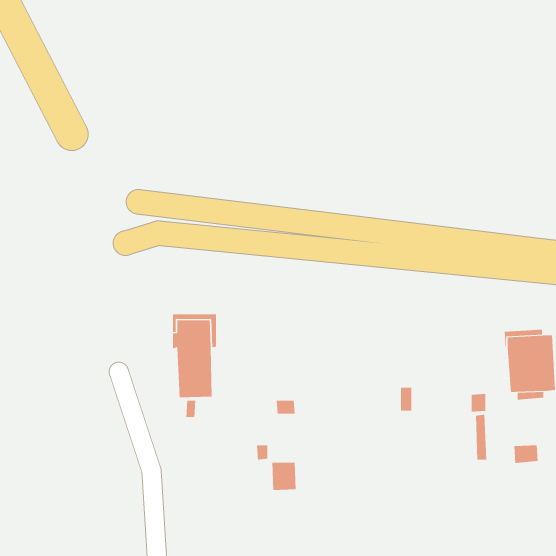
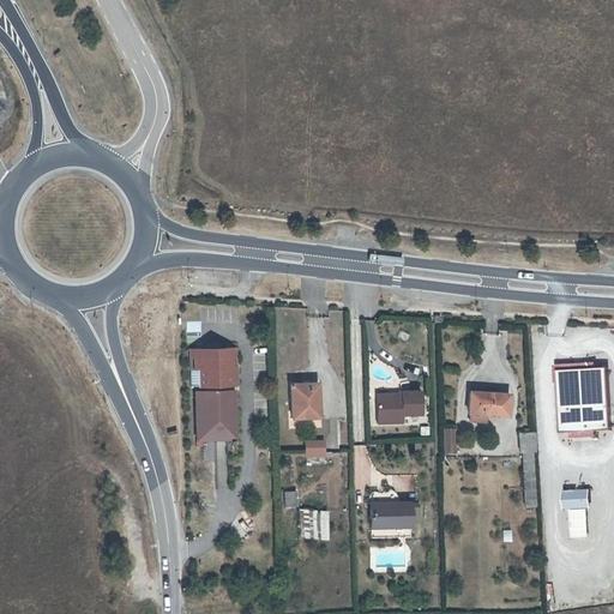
building: none -> [289,383,320,420]
building: none -> [379,392,426,425]
building: none -> [471,392,511,417]
building: none -> [373,504,416,538]

